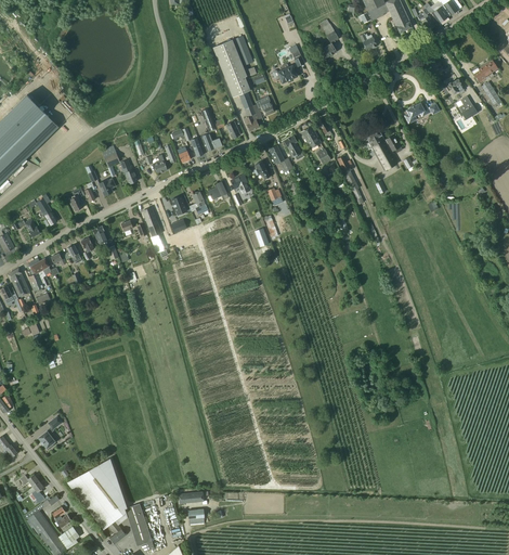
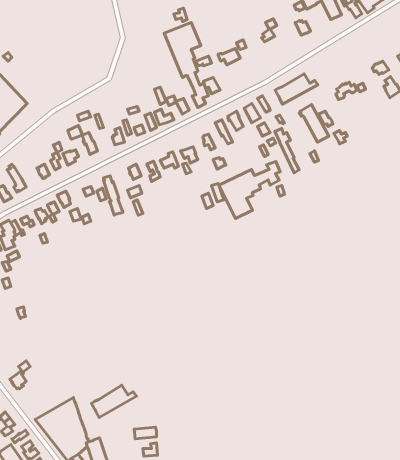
building: none -> [275,74,318,104]
building: none -> [219,162,280,218]
building: none -> [91,385,136,418]

